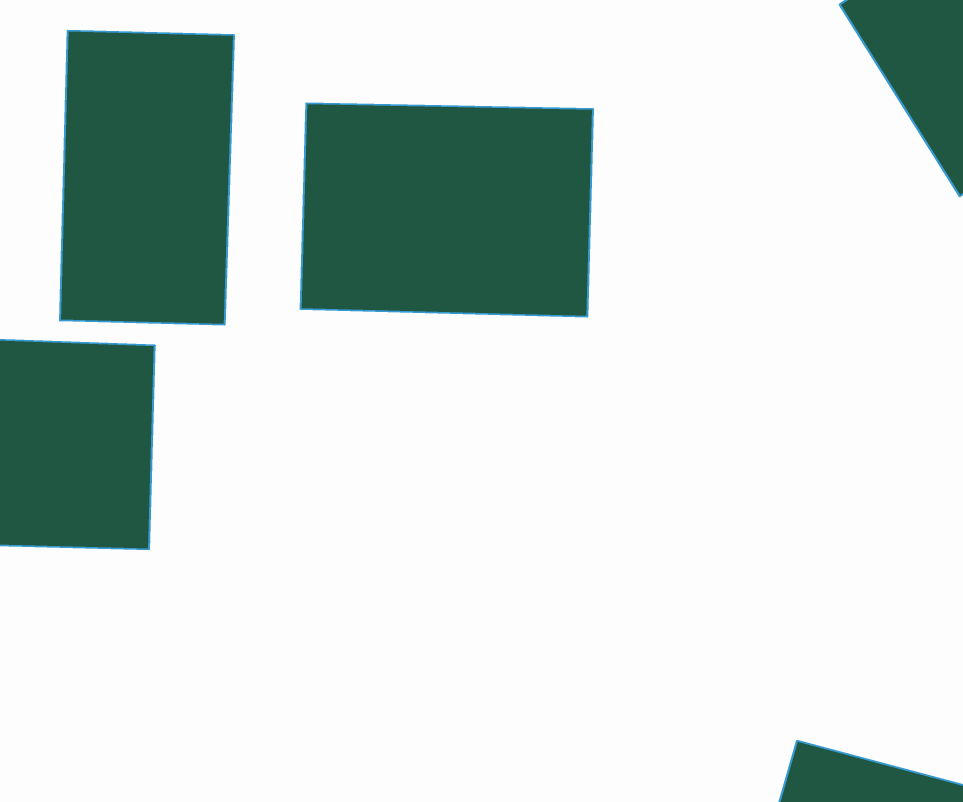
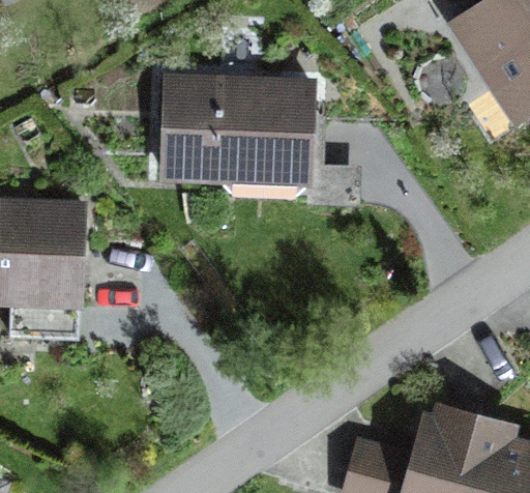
building: [60,31,234,325] -> none

